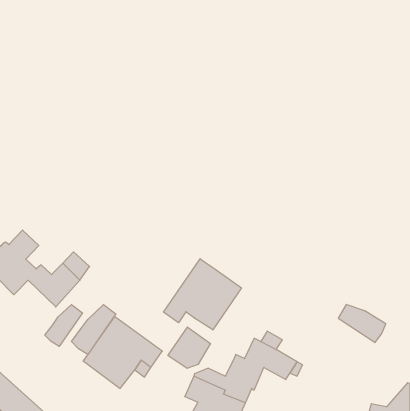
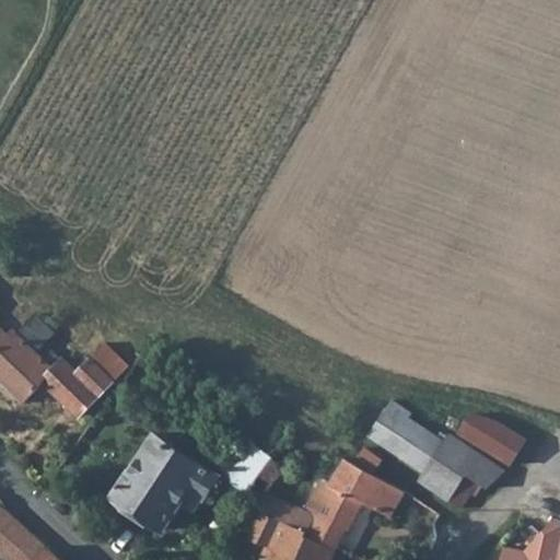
building: [164,259,241,330] -> none
building: none -> [366,401,502,509]
building: [72,305,116,354] -> none
building: [45,305,82,346] -> none

